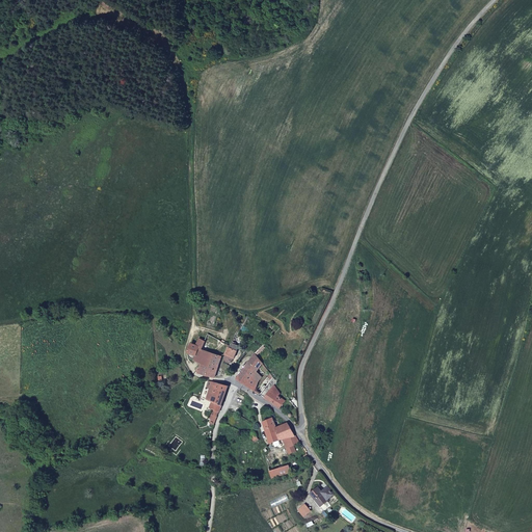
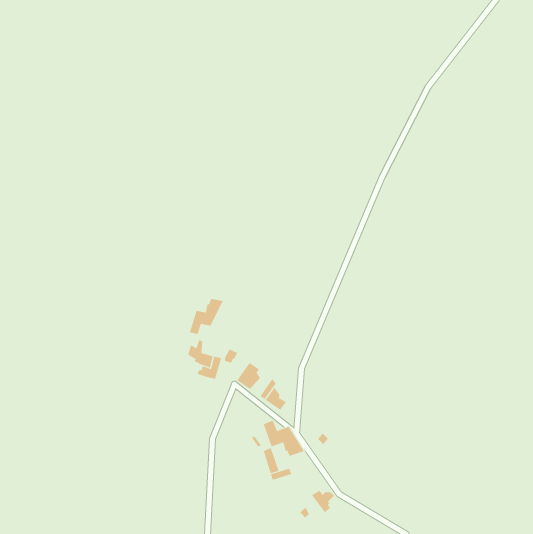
building: none -> [189,298,224,335]
building: [205,380,227,423] -> none

